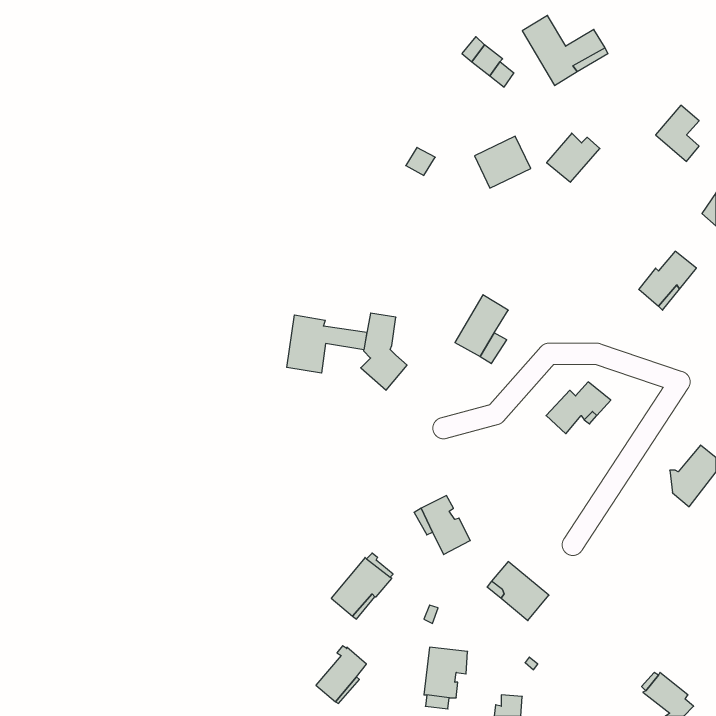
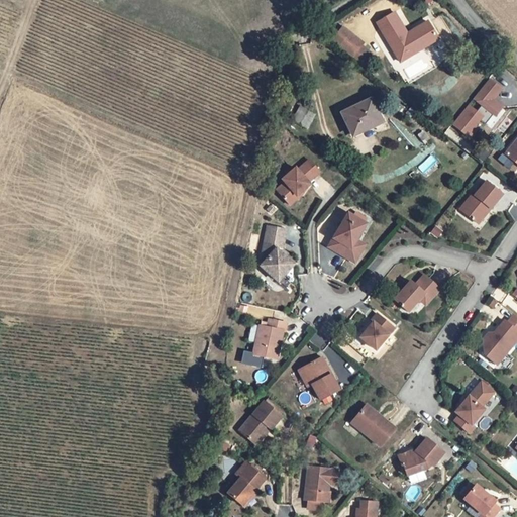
building: [547,133,600,182] -> [450,102,489,137]
building: none -> [276,159,319,204]
building: [287,315,367,373] -> none
building: none -> [359,313,393,349]
building: none -> [252,318,286,357]
building: none -> [453,382,493,432]
building: none -> [397,437,443,475]

